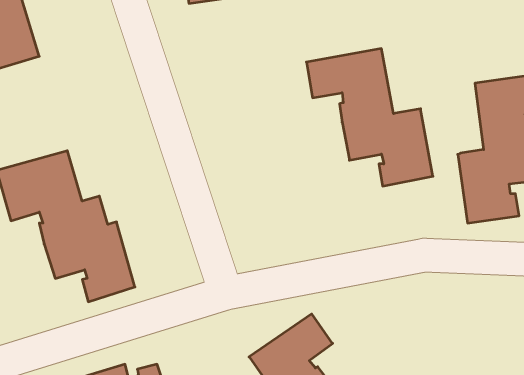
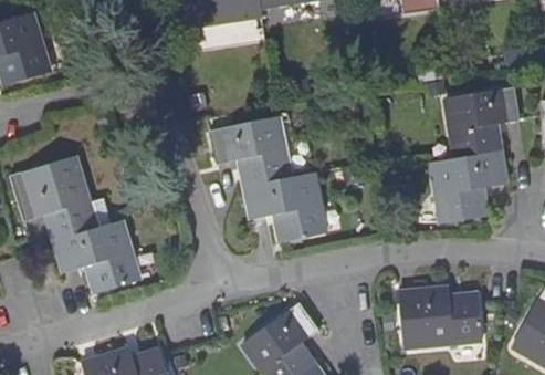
building: [306,49,433,186] -> [211,117,325,241]
building: none -> [398,290,480,348]

